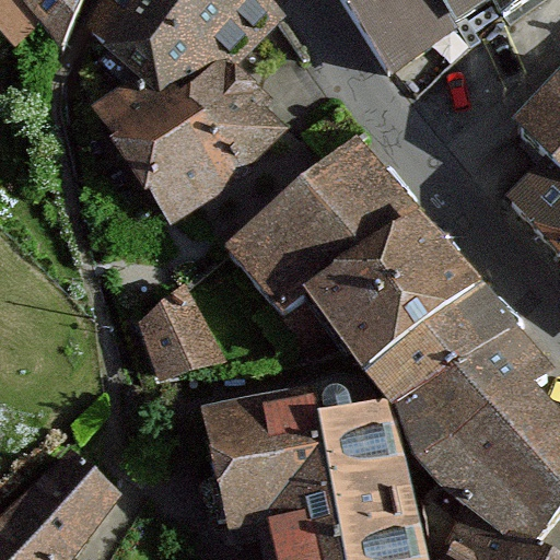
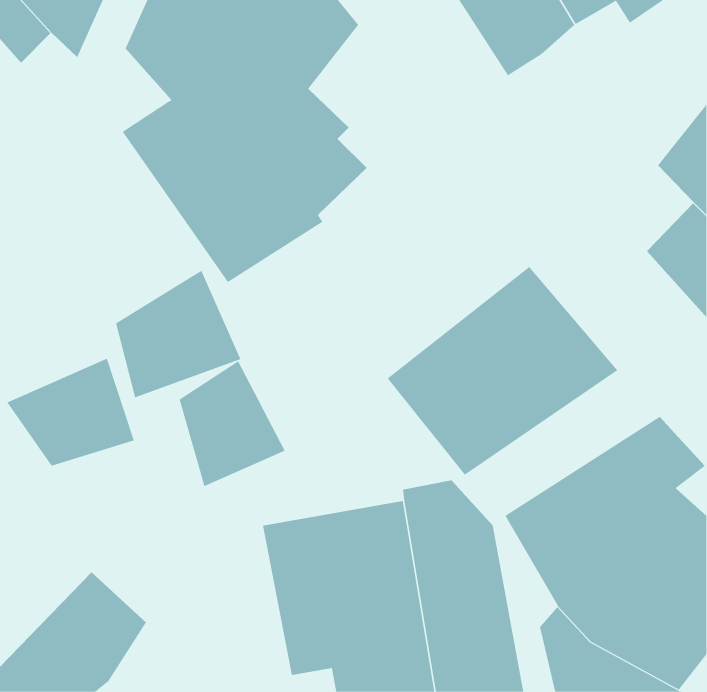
building: [229,104,418,314] -> none
building: none -> [115,270,241,398]
building: none -> [7,358,135,467]
building: [366,292,521,407] -> none

